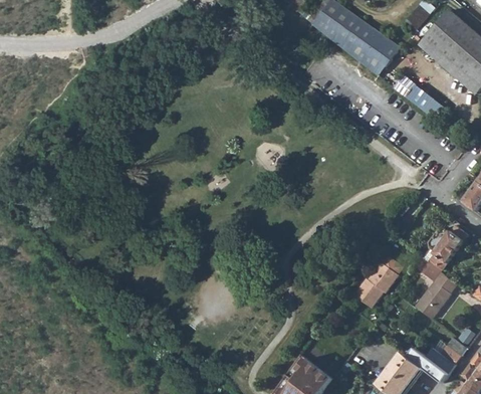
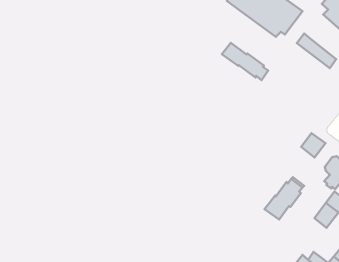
building: none -> [222,43,268,80]
building: none -> [301,133,326,157]

